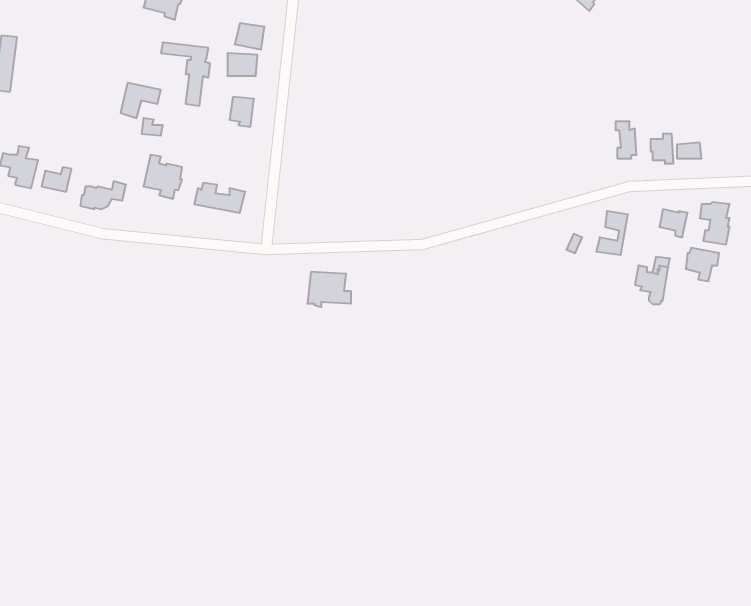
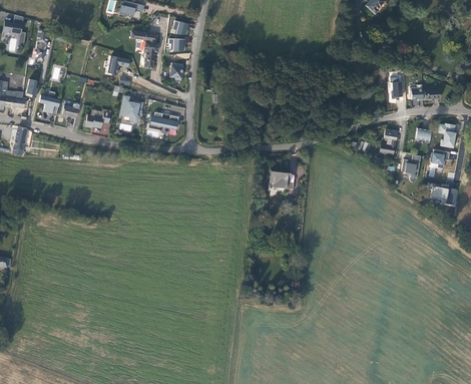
building: [307,272,351,307] -> [268,171,293,191]
building: none -> [427,183,456,206]

